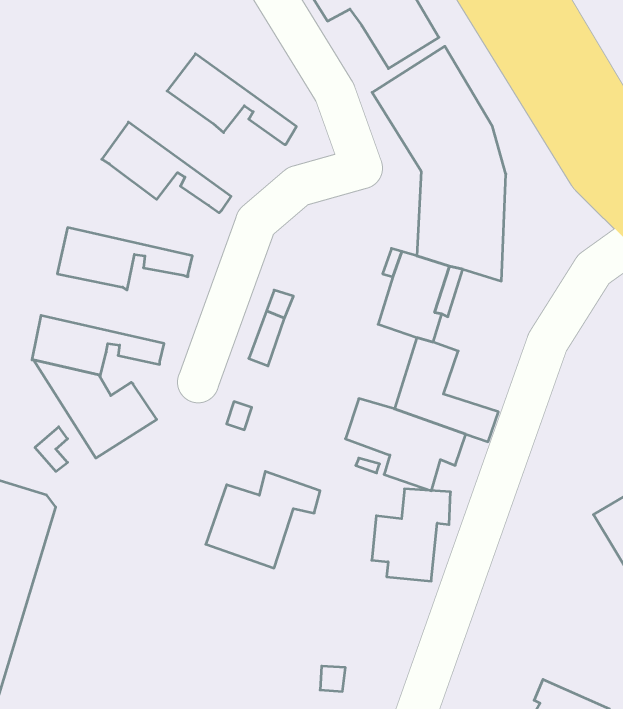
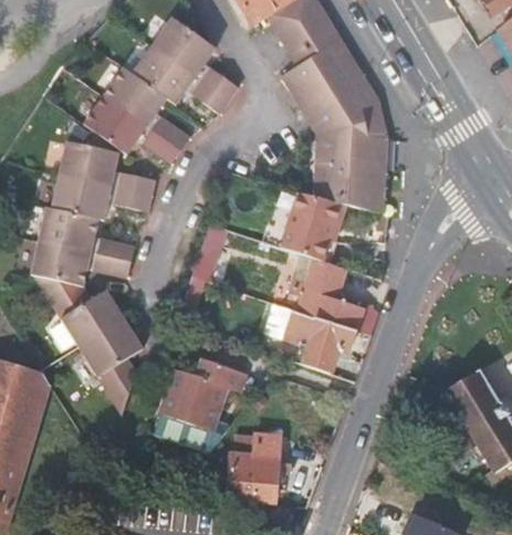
building: none -> [153,18,237,99]
building: none -> [103,67,189,151]
building: none -> [58,141,154,196]
building: none -> [38,207,133,261]
building: none -> [79,317,142,411]
building: [372,489,451,581] -> [229,431,288,500]

